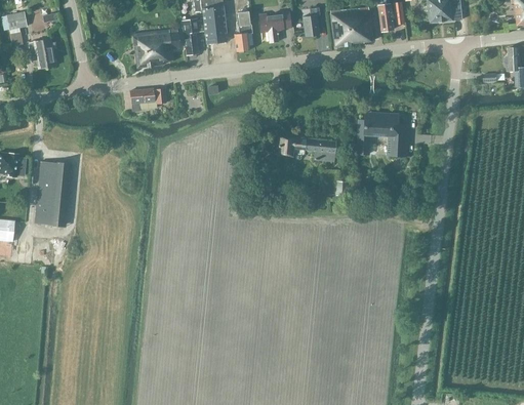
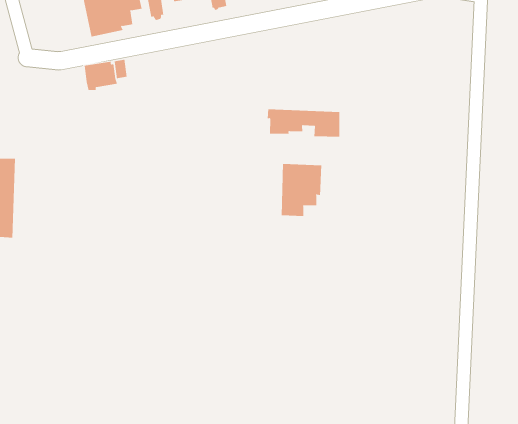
building: [357,112,407,155] -> none
building: none -> [281,163,322,217]

